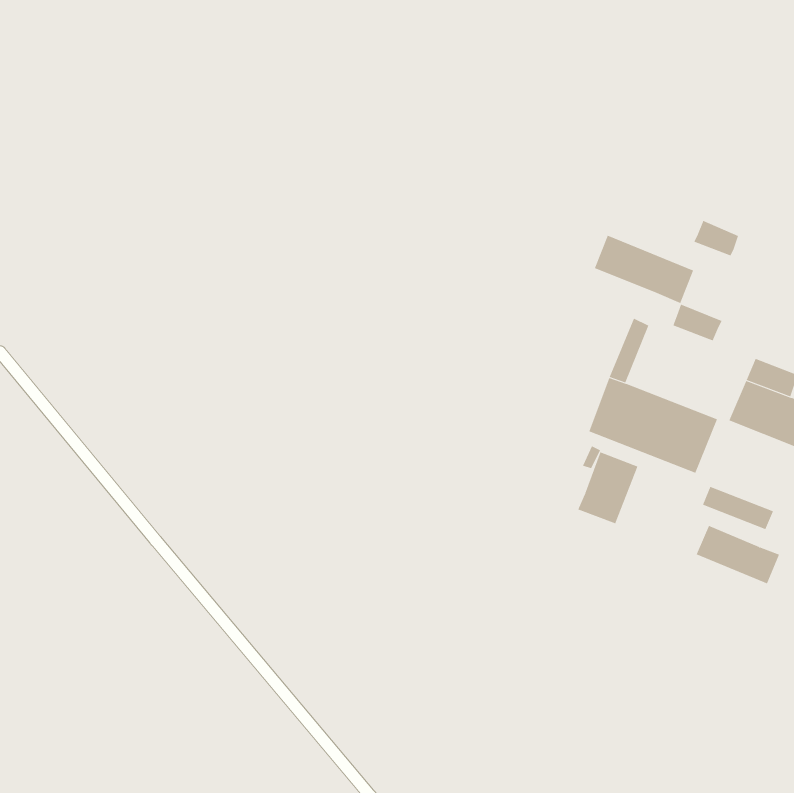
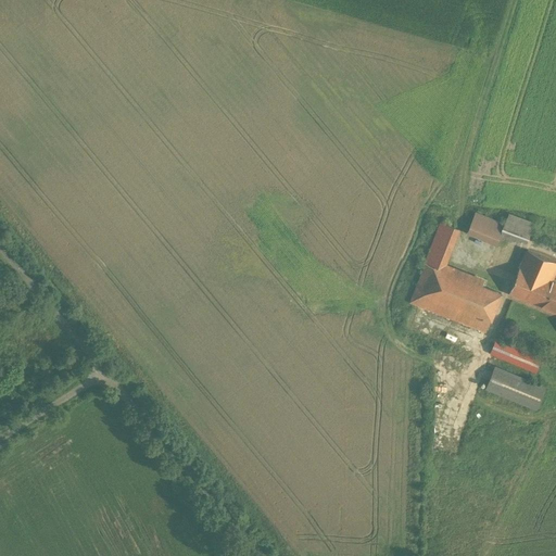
building: [694,220,739,256] -> [503,215,534,240]
building: [594,235,694,304] -> none
building: [578,452,638,524] -> none

